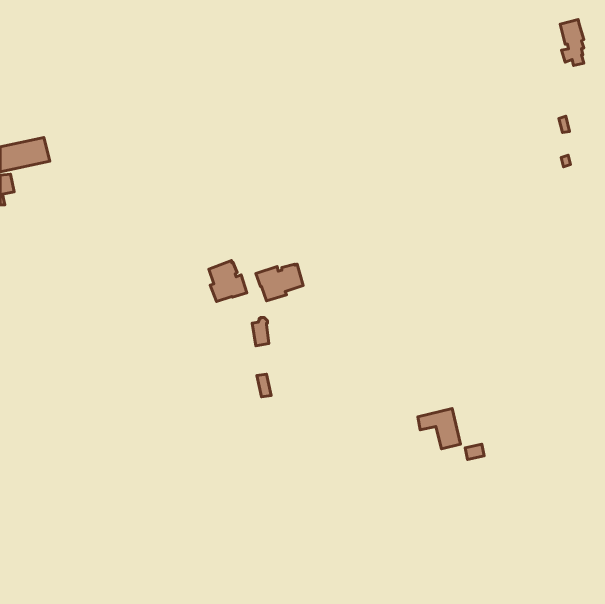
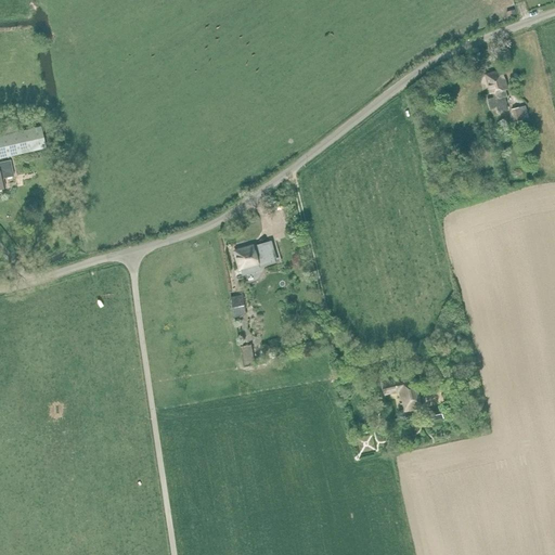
building: [560,19,584,66] -> [486,69,507,112]
building: [209,261,247,302] -> none

